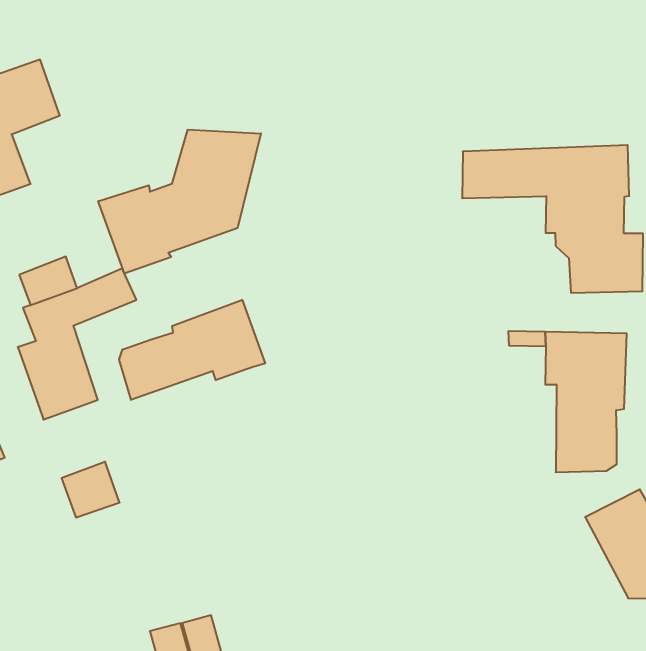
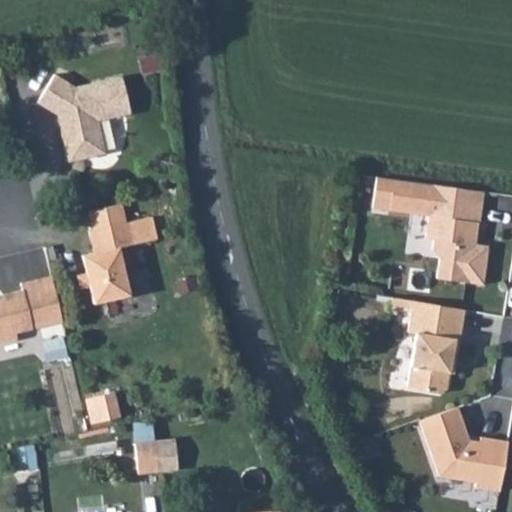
building: [98,130,261,274] -> none
building: [119,300,265,400] -> none
building: [62,462,120,517] -> [88,389,122,421]

